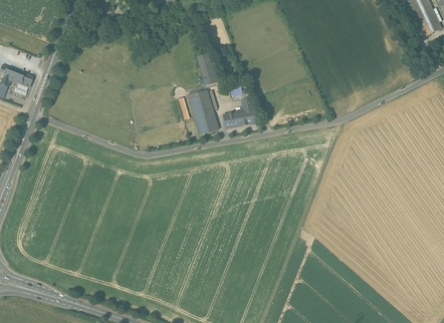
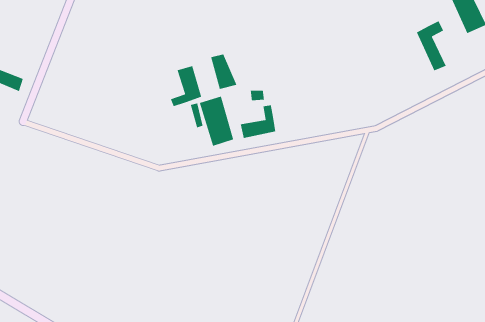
building: none -> [416,20,447,72]
building: none -> [170,65,202,107]

